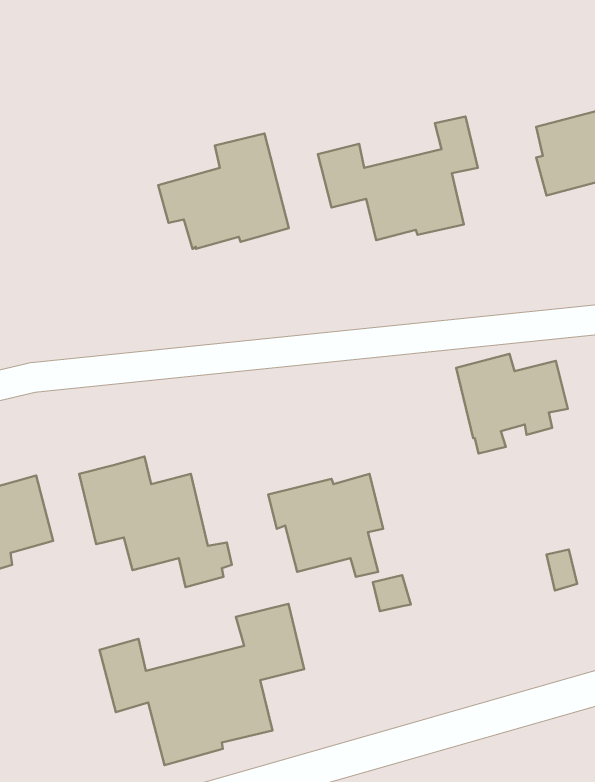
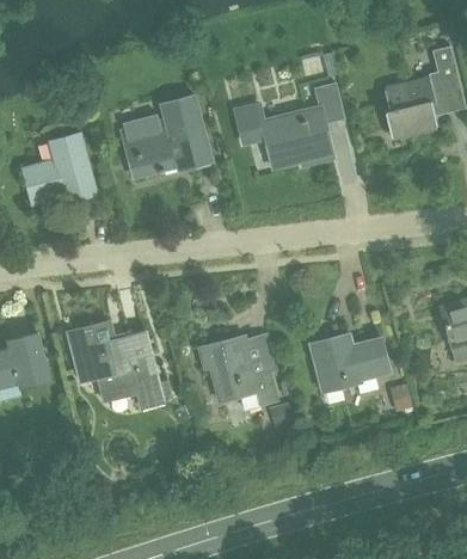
building: none -> [21,133,97,204]
building: [456,354,568,454] -> [309,333,387,403]
building: [99,604,304,765] -> none

